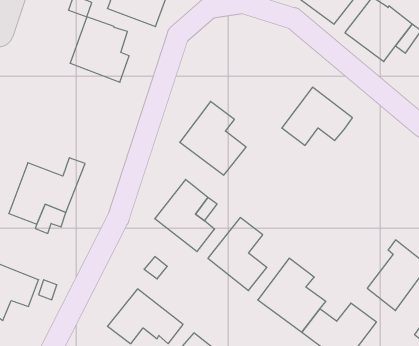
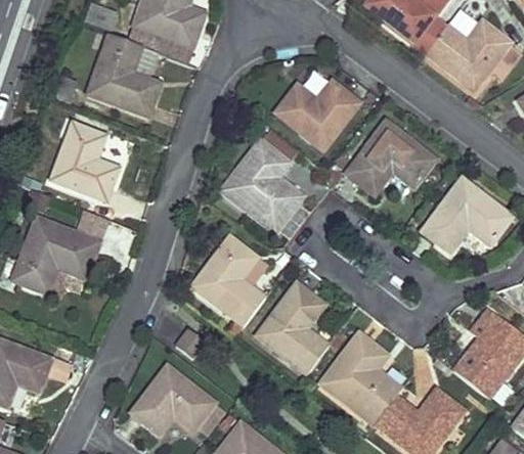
building: none -> [276,80,359,147]
building: none -> [51,121,120,198]
building: none -> [423,178,511,249]

